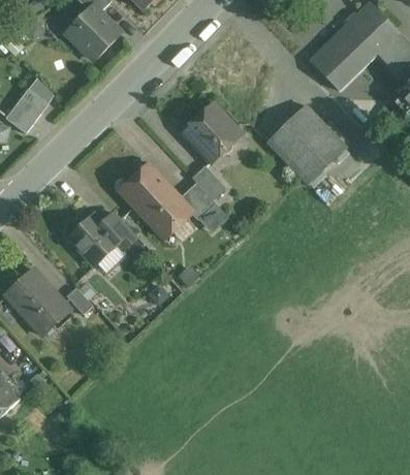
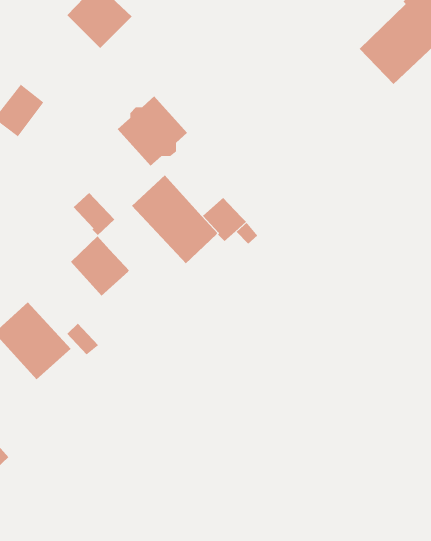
building: [183,102,242,161] -> [117,96,188,167]
building: [267,104,346,183] -> none
building: [191,164,225,198] -> none
building: [102,213,137,249] -> [73,192,115,236]

